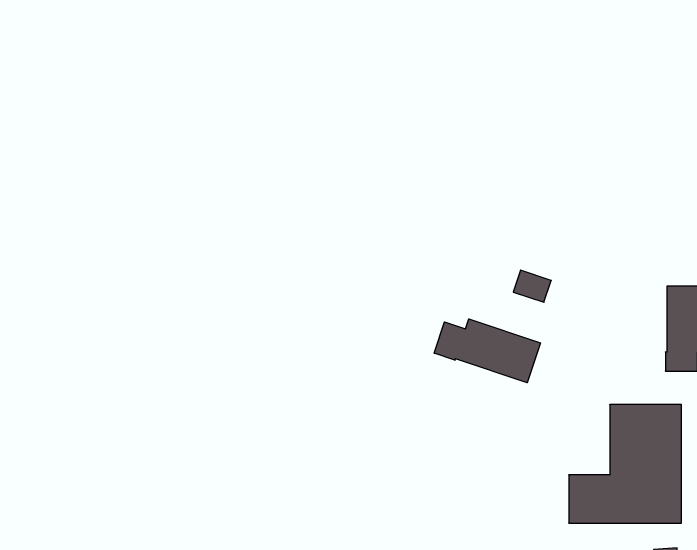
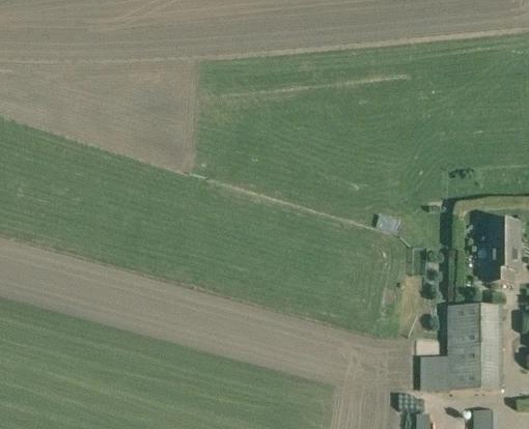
building: [434,319,540,383] -> none

